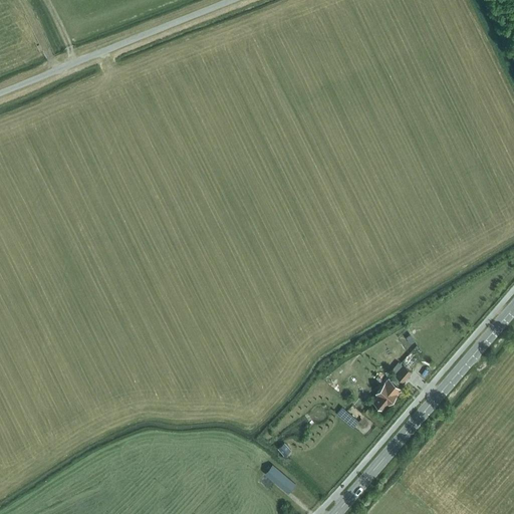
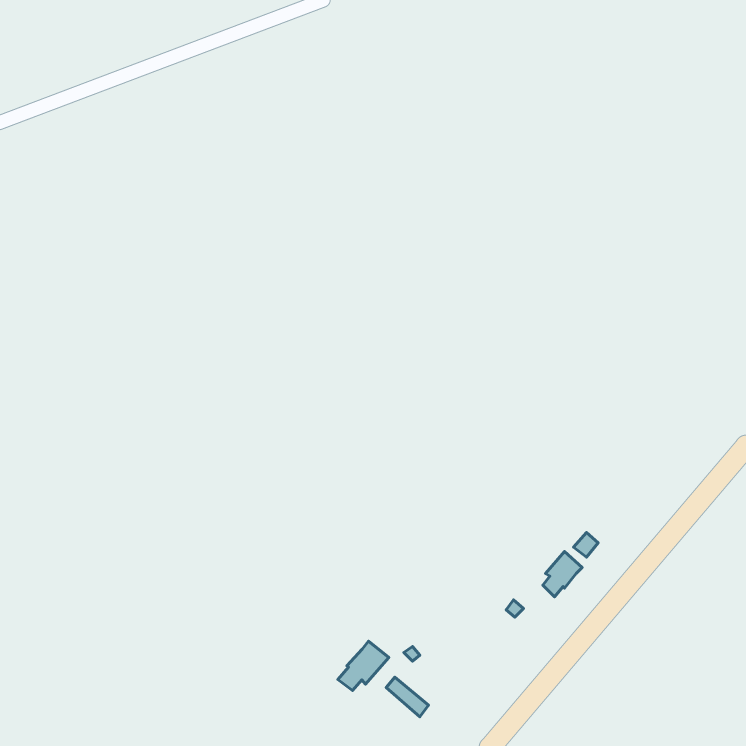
building: none -> [338,641,389,690]

